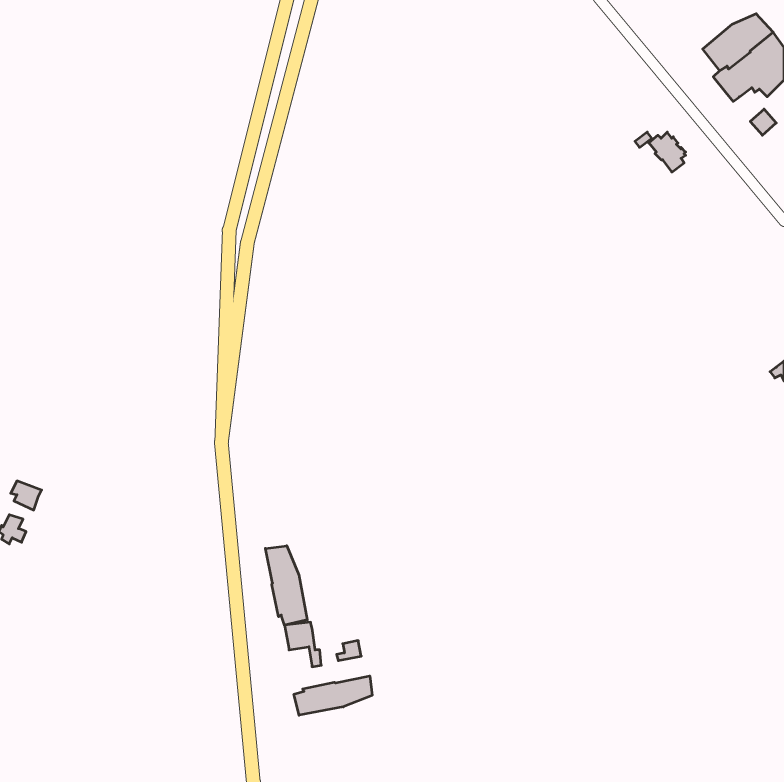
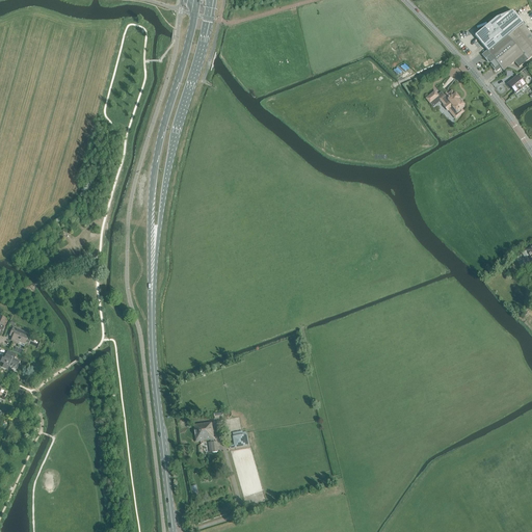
building: [265,546,307,625] -> none
building: [294,676,372,715] -> none

